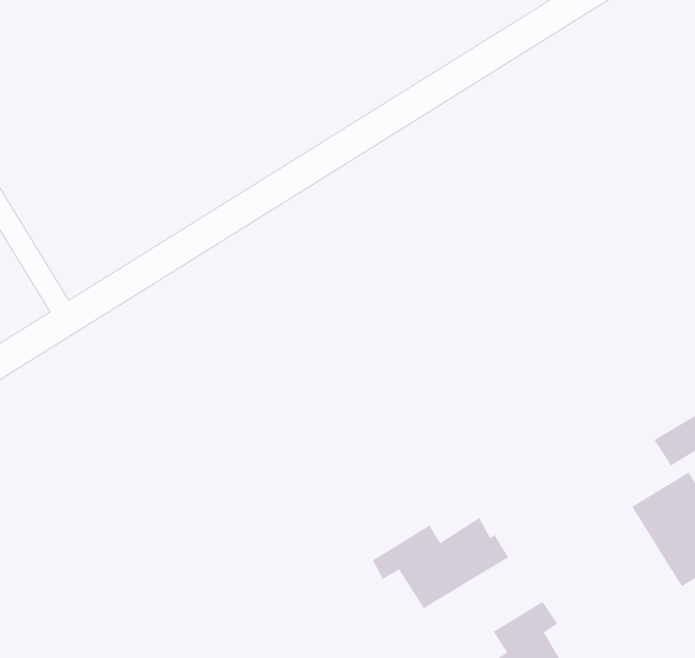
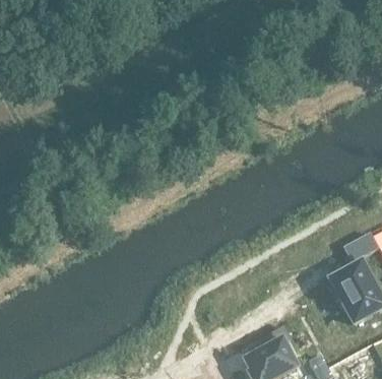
building: [372,517,509,609] -> none

